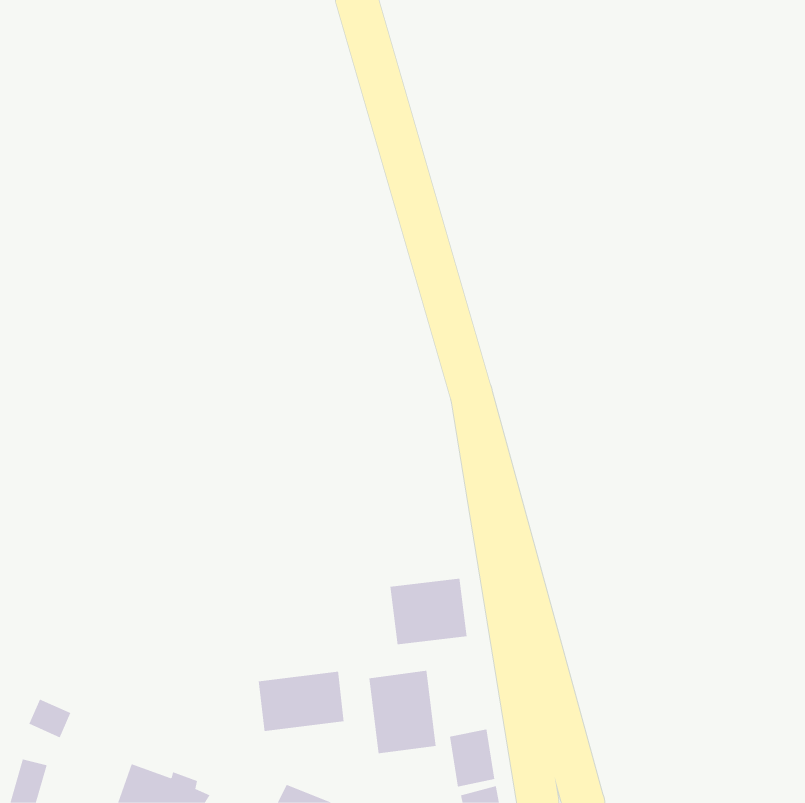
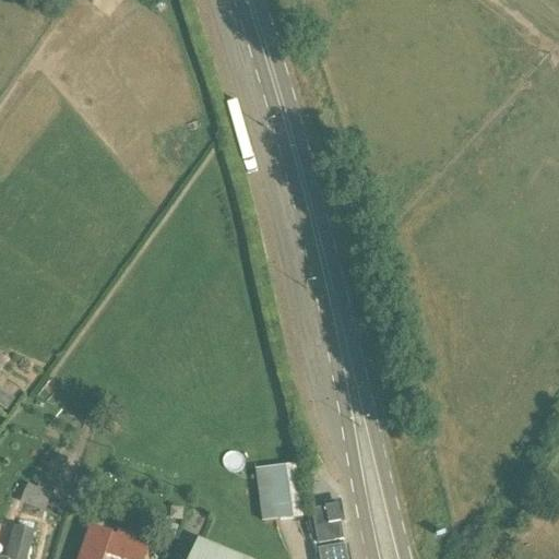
building: [390,578,467,645] -> none
building: [258,671,344,732] -> none

